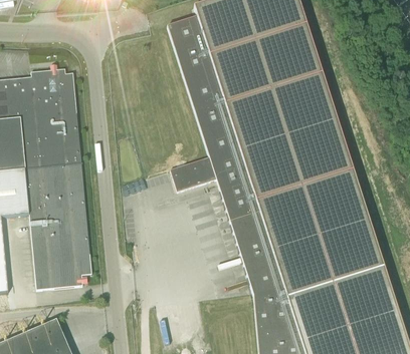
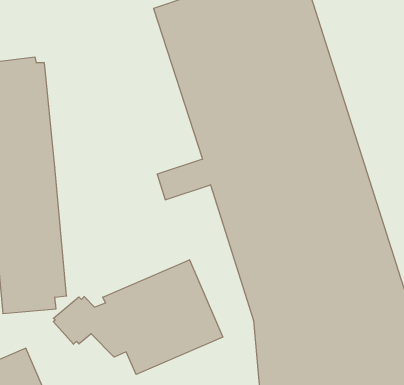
building: none -> [53,260,223,374]

